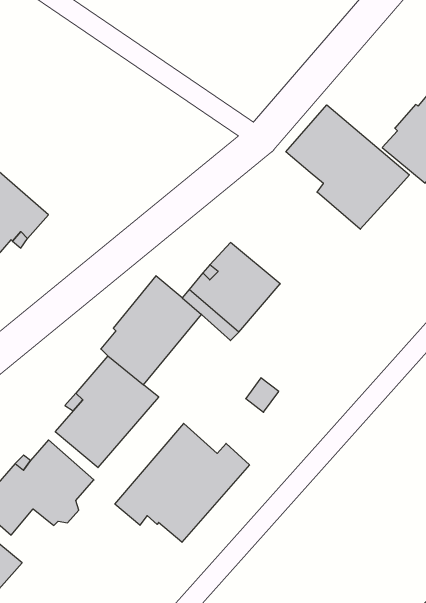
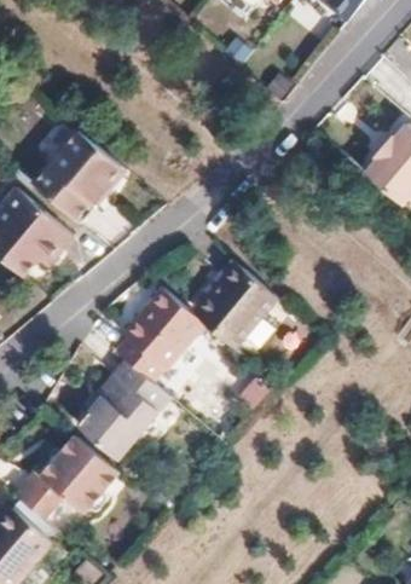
building: none -> [35,129,127,221]
building: [286,105,409,229] -> none
building: [115,423,249,542] -> none

